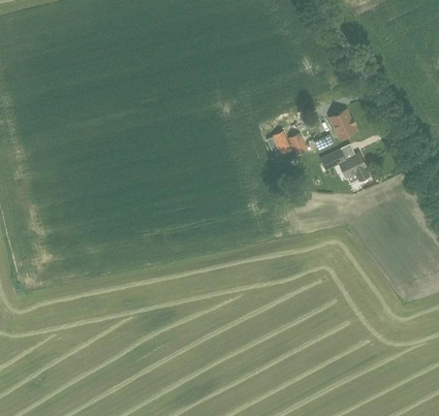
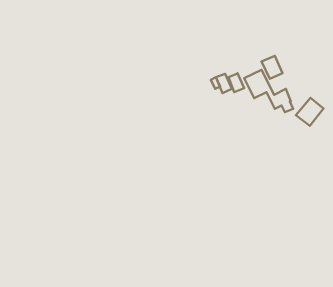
building: none -> [296,98,323,126]

